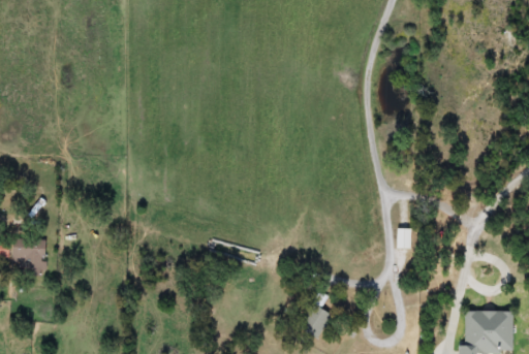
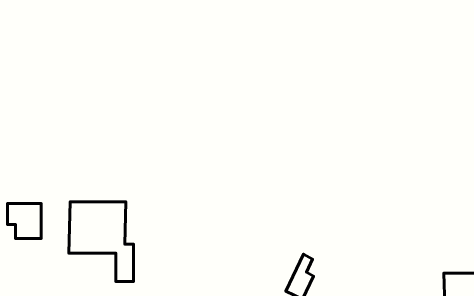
building: none -> [69,202,133,281]

